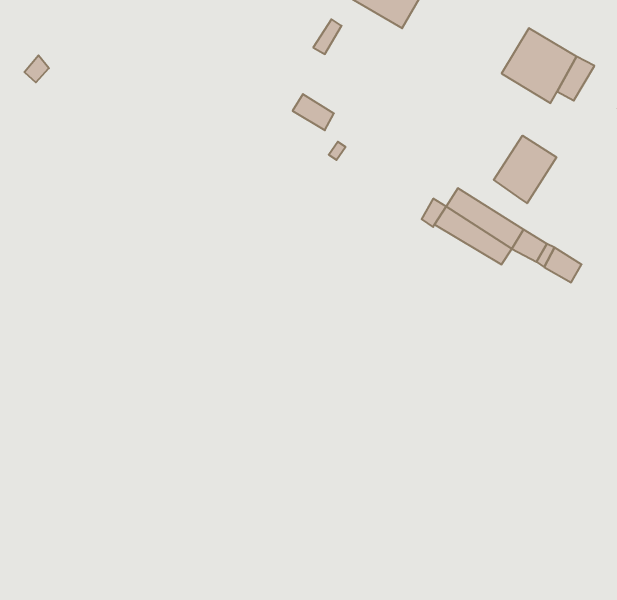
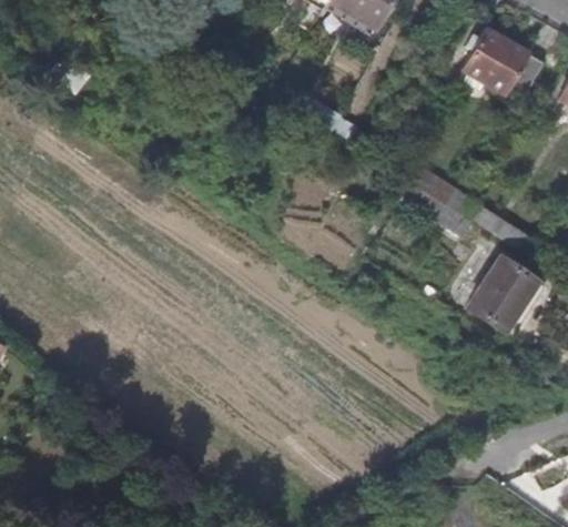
building: [494,136,556,203] -> none
building: none -> [468,256,544,334]

